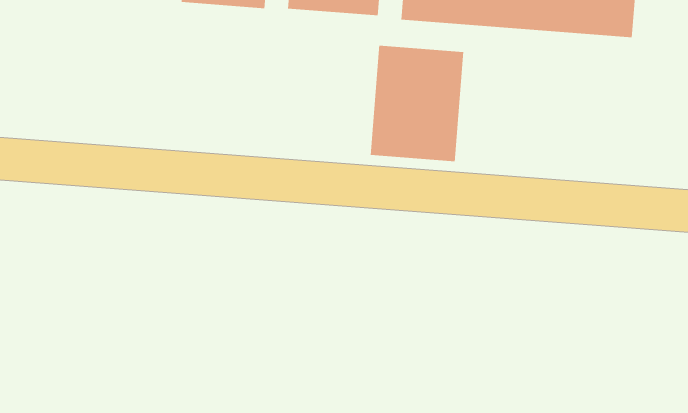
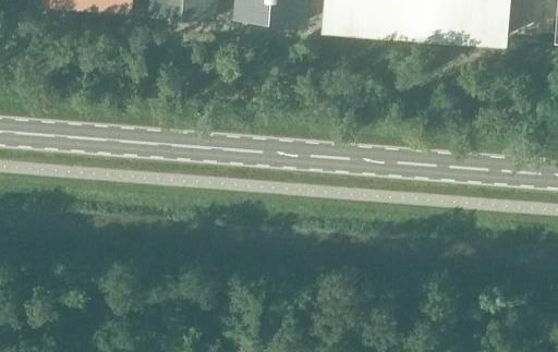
building: [370,45,464,162] -> none

